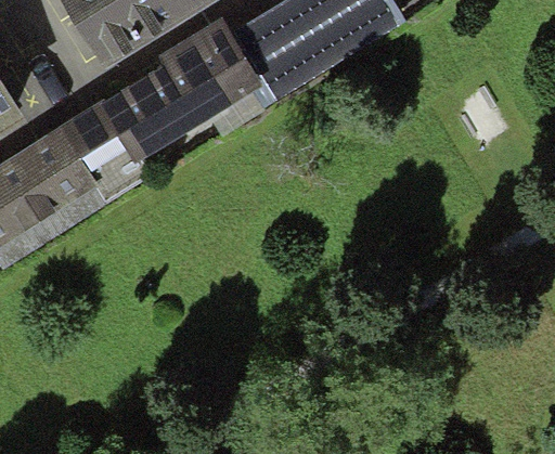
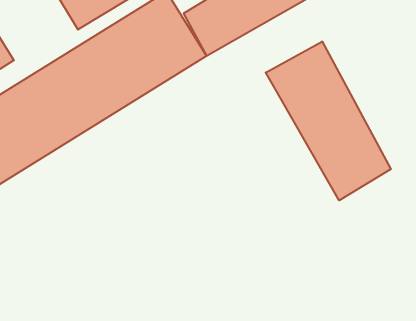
building: none -> [266,41,391,200]

